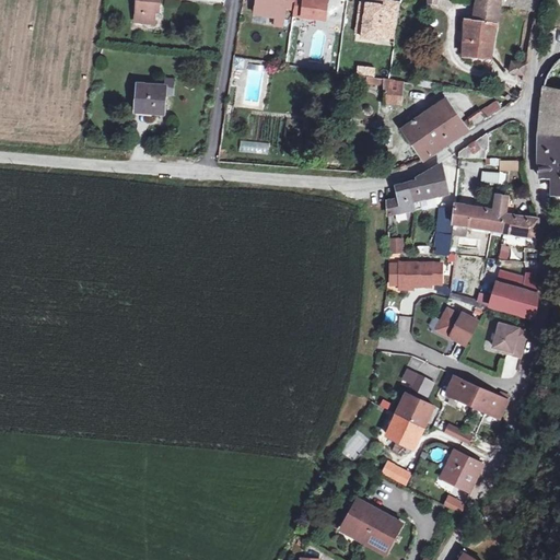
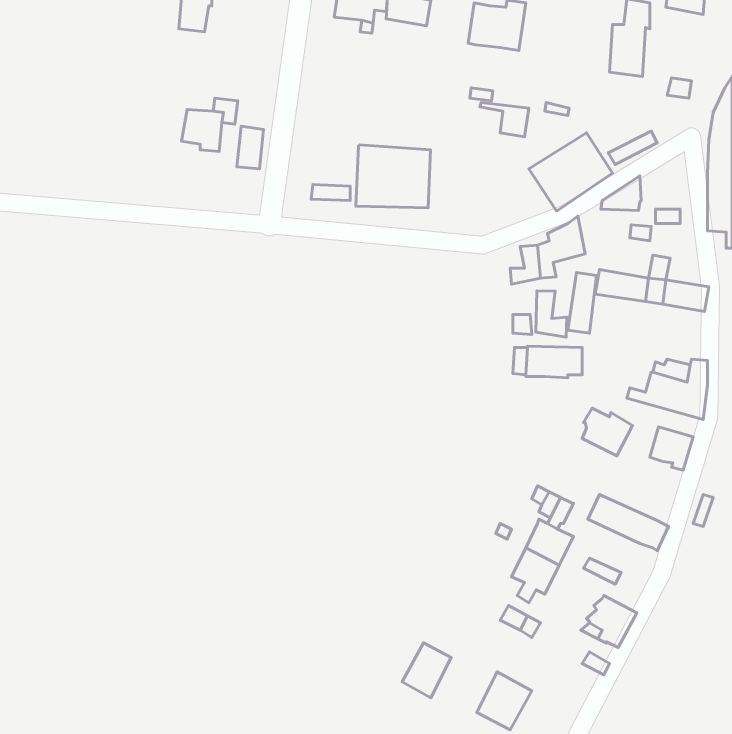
building: none -> [237,126,264,169]
building: none -> [356,145,430,208]
building: none -> [536,291,567,337]
building: [340,499,377,540] -> [402,643,451,698]

